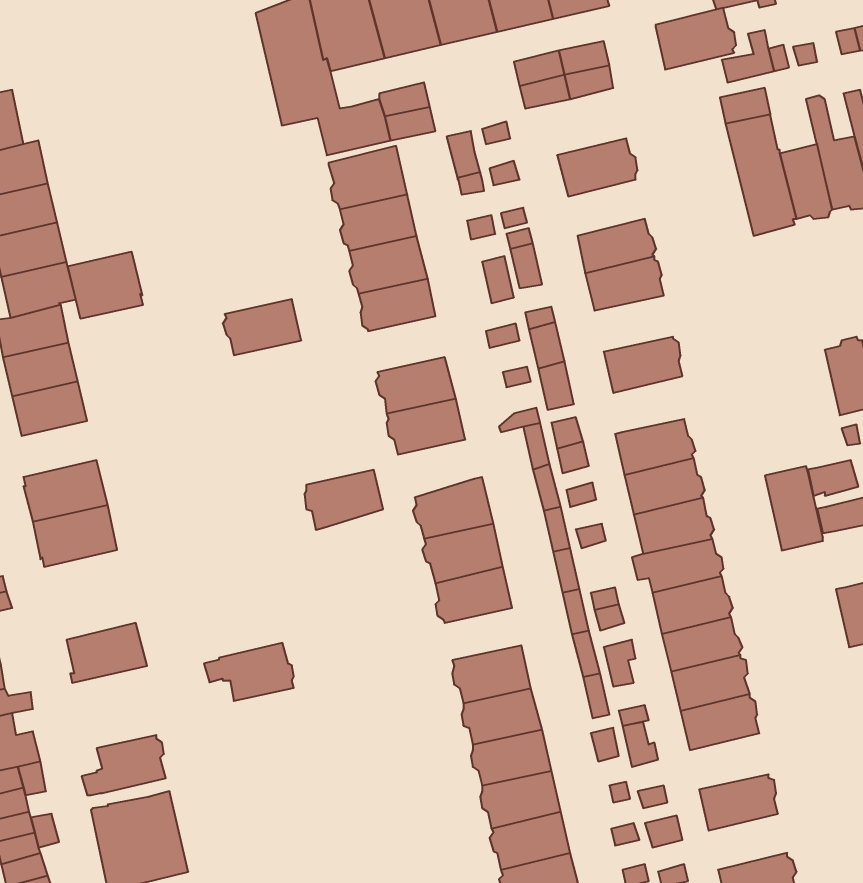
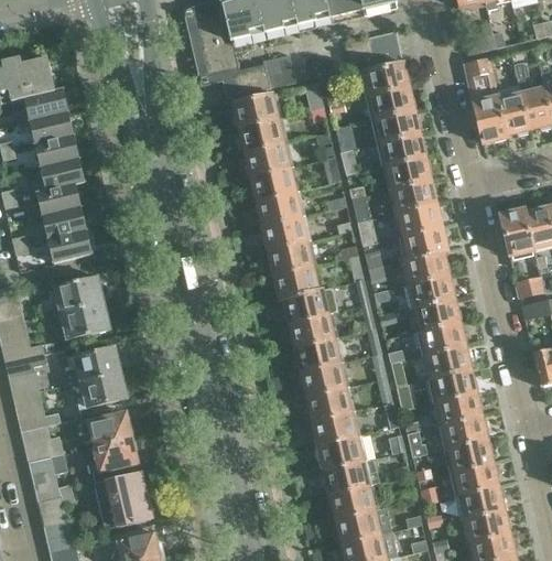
building: [656,8,736,70] -> [361,61,409,97]
building: none -> [374,111,420,144]
building: [68,252,143,319] -> none
building: none -> [389,180,435,213]
building: [223,299,301,355] -> [255,192,301,225]
building: none -> [400,227,446,260]
building: [765,466,823,550] -> [499,208,533,258]
building: [304,470,383,530] -> [272,265,318,300]
building: none -> [69,346,119,382]
building: none -> [299,364,346,395]
building: [204,643,294,701] -> [78,412,131,446]
building: none -> [445,438,491,471]
building: none -> [456,485,502,518]

